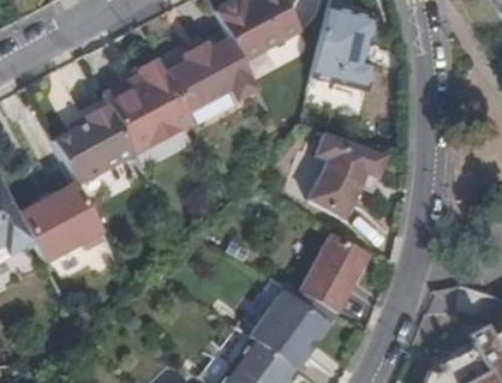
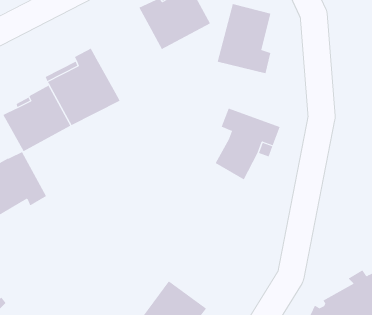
building: [163,40,255,115] -> none
building: [295,234,365,316] -> none
building: [247,293,327,372] -> none

